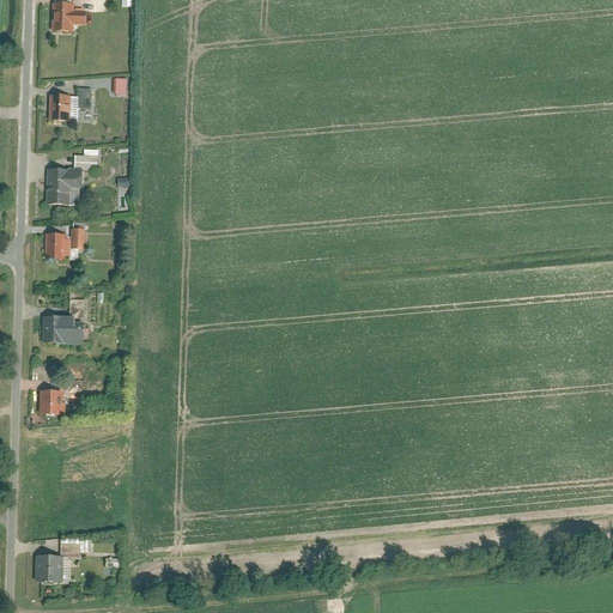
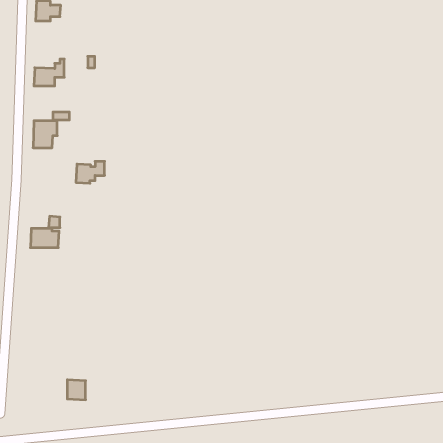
building: [44,229,84,259] -> [76,161,105,183]
building: [40,389,61,413] -> none
building: [36,553,61,581] -> [67,380,86,400]

